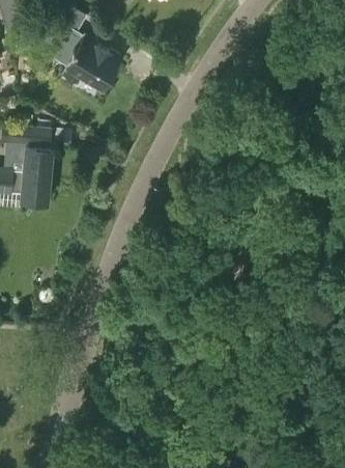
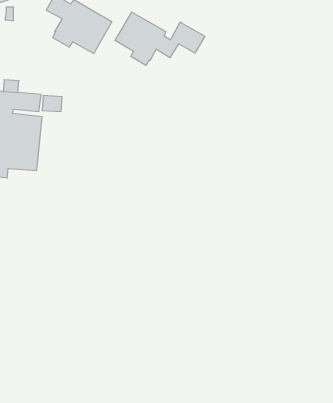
building: none -> [115,12,205,65]

